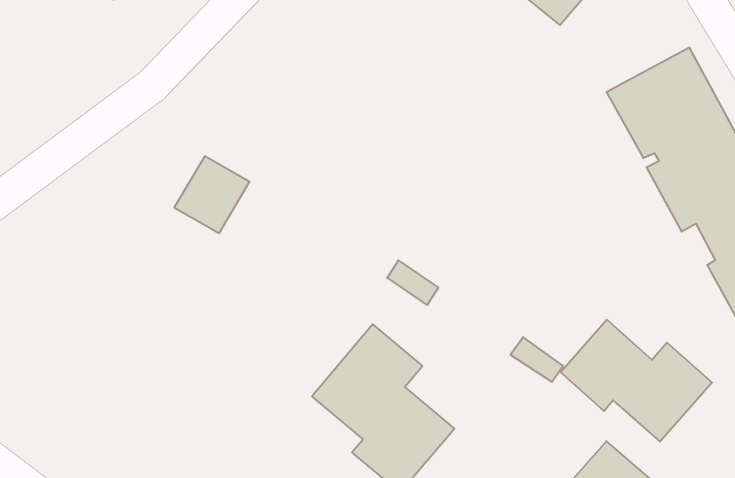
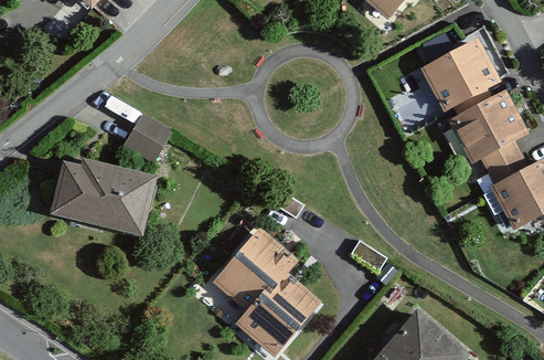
building: none -> [50,159,157,236]
building: [561,320,712,442] -> none

